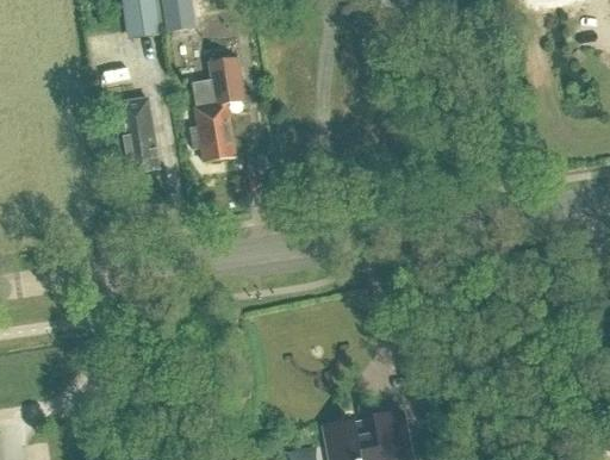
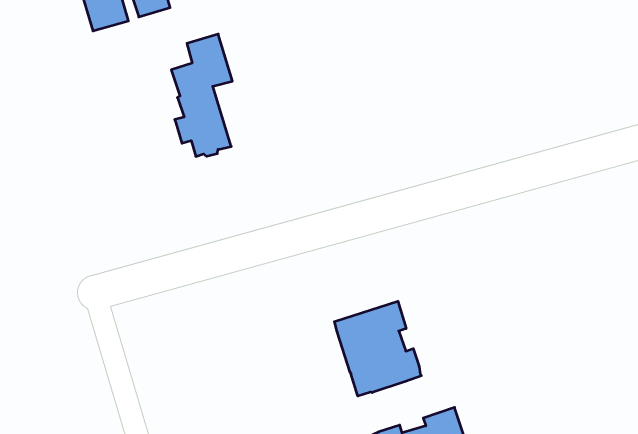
building: [113,95,160,170] -> none
building: none -> [334,301,421,396]

